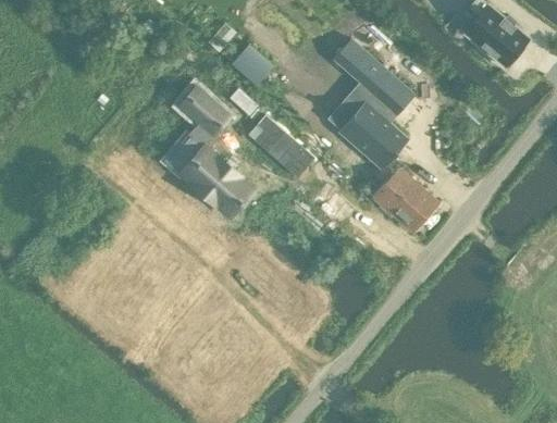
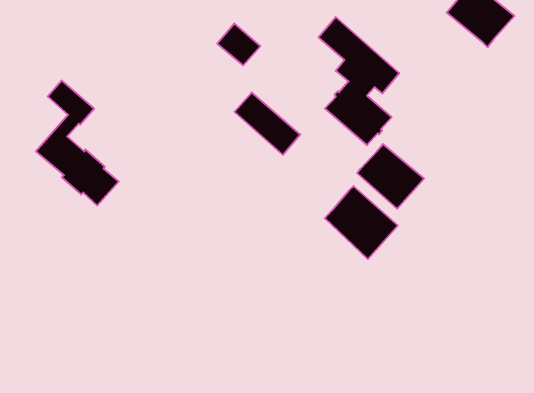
building: [168,88,251,214] -> [36,80,119,205]
building: none -> [325,186,398,259]

